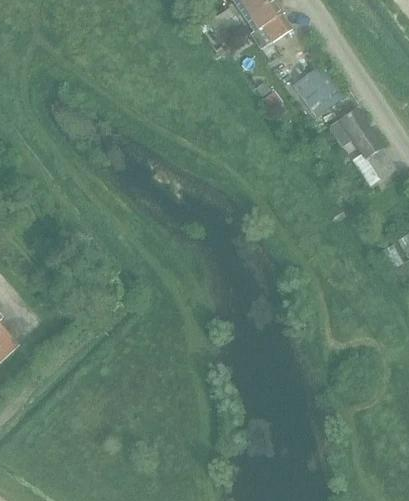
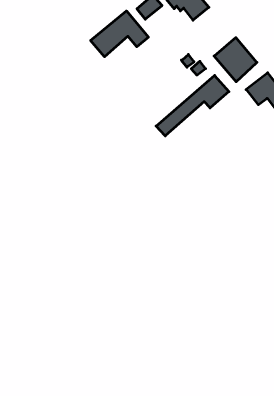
building: none -> [91,11,148,57]
building: none -> [156,75,229,136]

